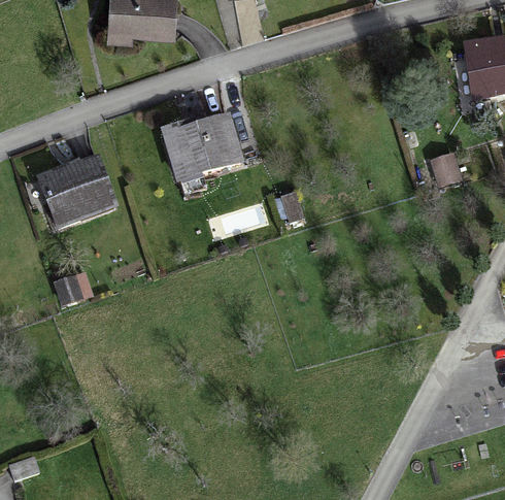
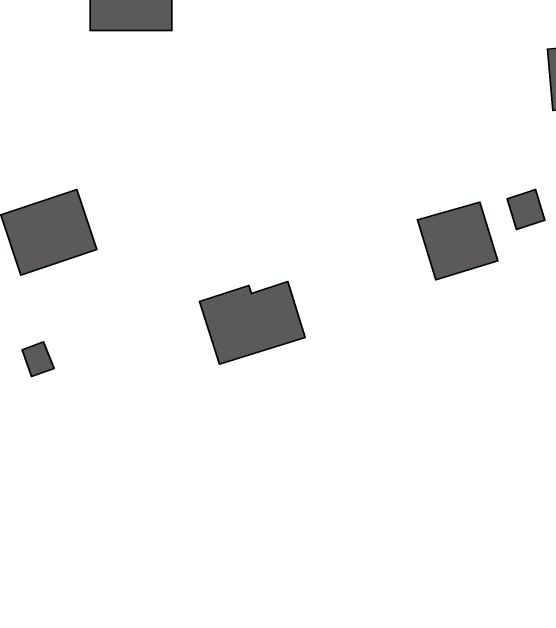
building: [161,118,242,181] -> [199,281,305,364]
building: none -> [418,202,498,280]

